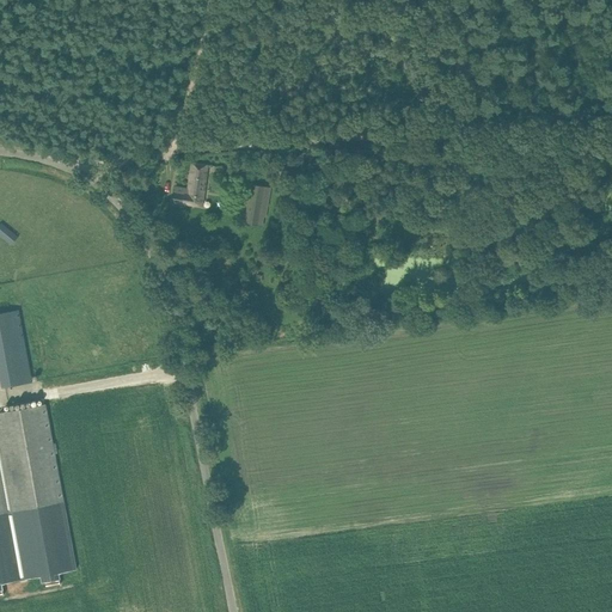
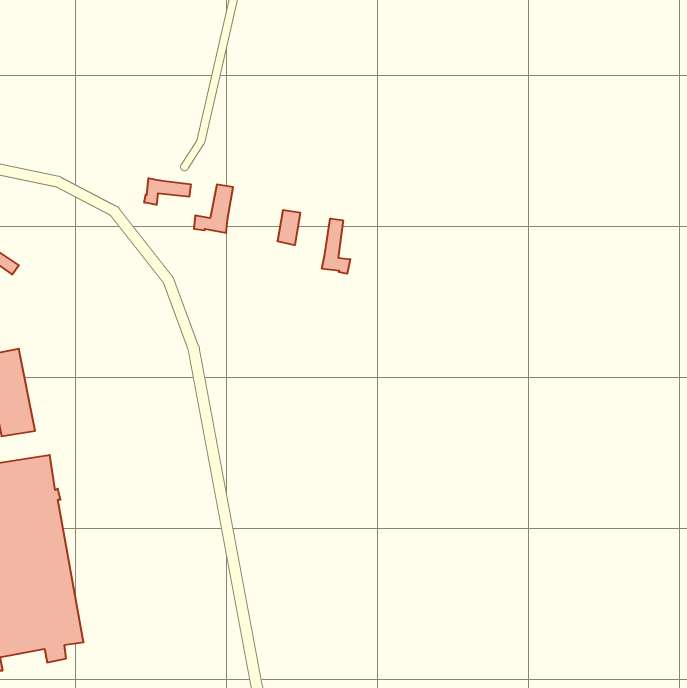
building: none -> [144,178,191,205]
building: none -> [322,218,350,274]

